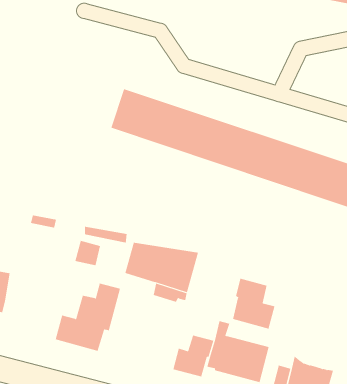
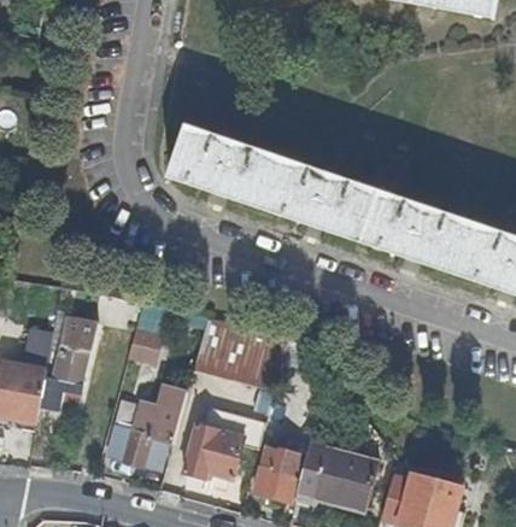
building: none -> [41,312,95,406]
building: [232,278,275,329] -> none
building: none -> [183,422,244,476]

